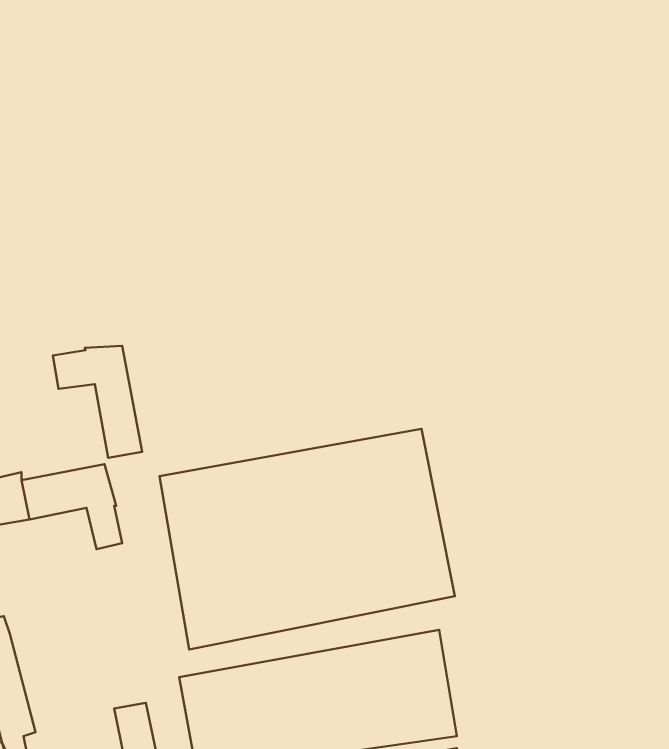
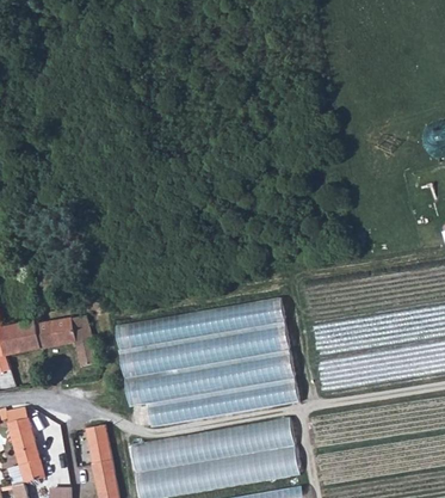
building: [53,346,142,458] -> none
building: none -> [85,423,110,462]

